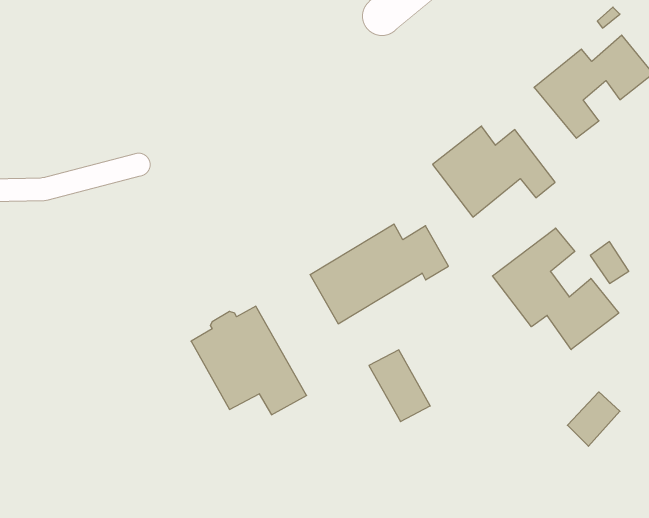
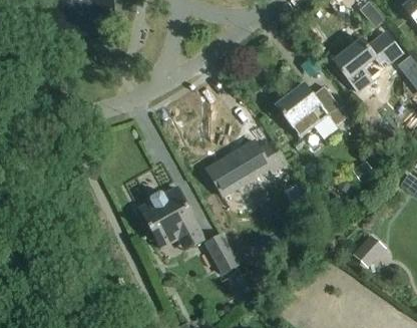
building: [492,228,619,350] -> none
building: [369,350,430,422] -> [204,234,240,275]

